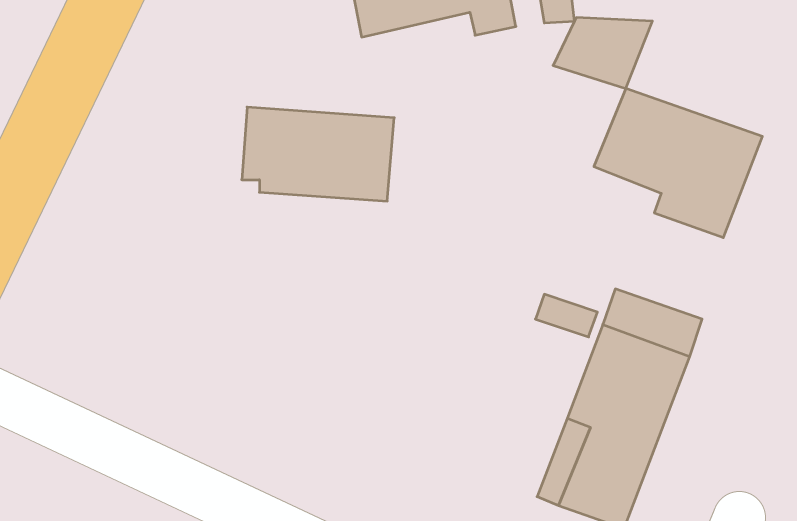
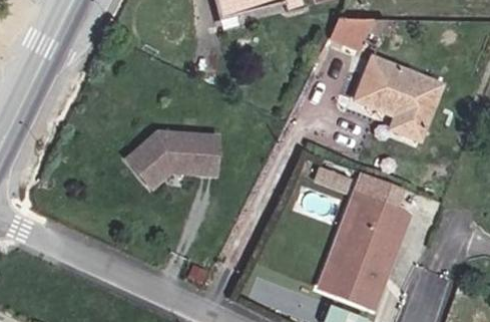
building: [242,107,394,201] -> [137,129,223,183]

